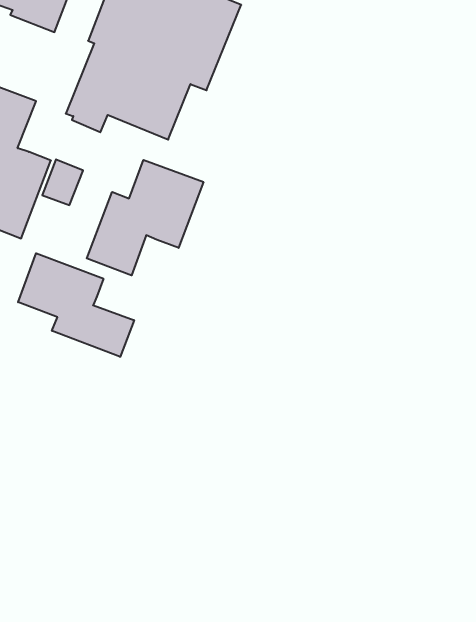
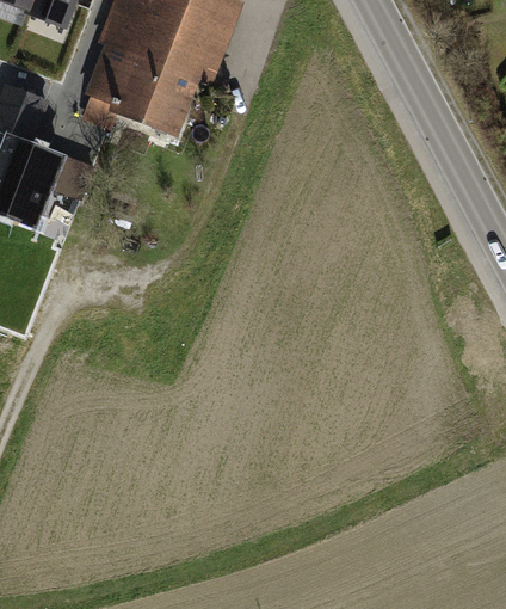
building: [87,160,203,275] -> none
building: [18,253,134,357] -> none

